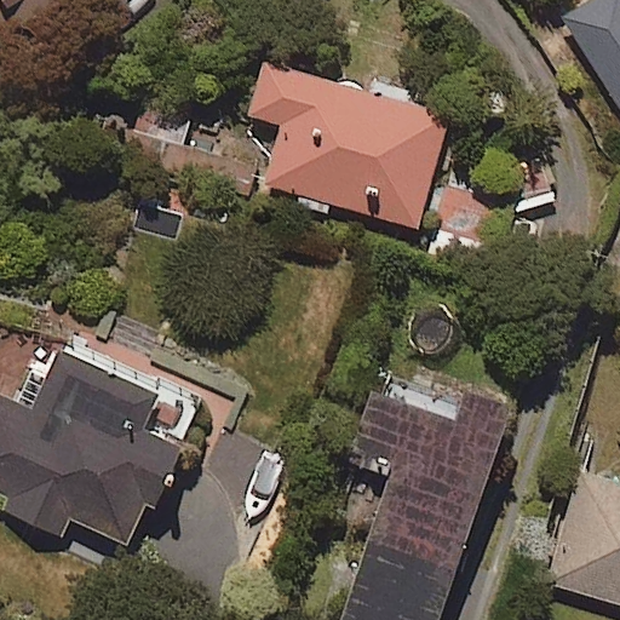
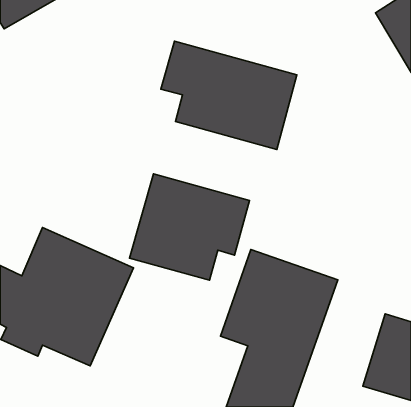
building: none -> [130,174,249,280]

